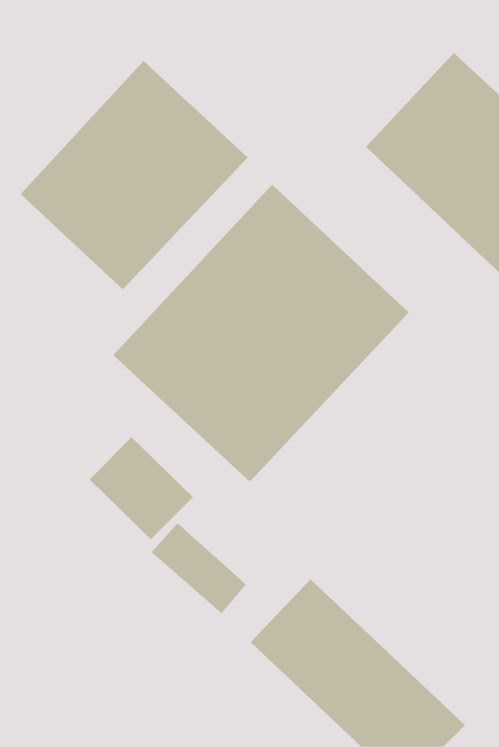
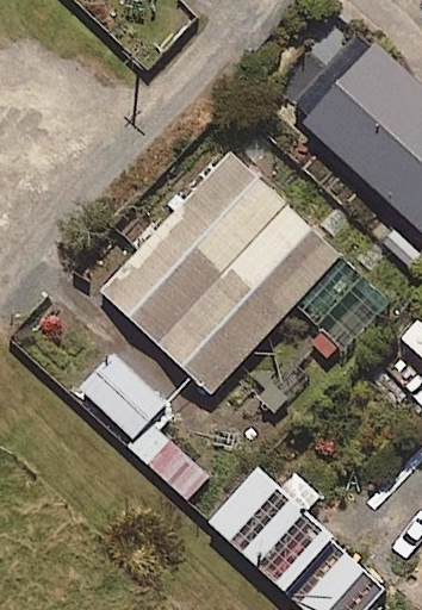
building: [20,60,248,290] -> none

